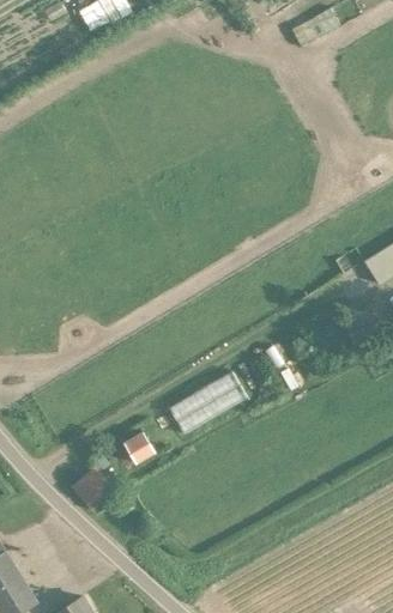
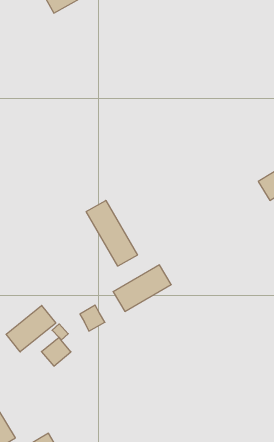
building: none -> [86,200,137,266]
building: none -> [6,305,56,352]

